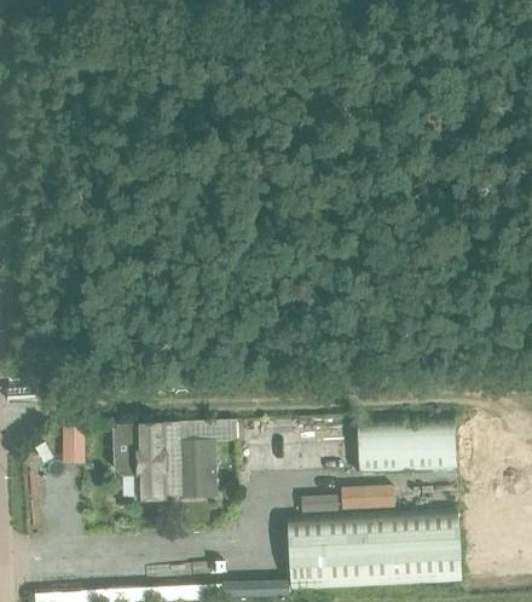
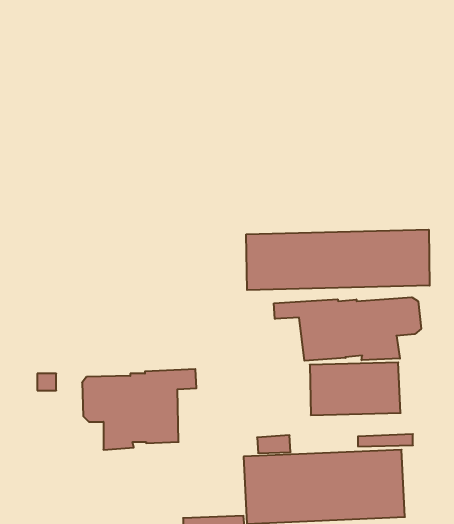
building: none -> [246,230,430,290]
building: none -> [274,297,421,361]
building: [341,486,393,509] -> none

